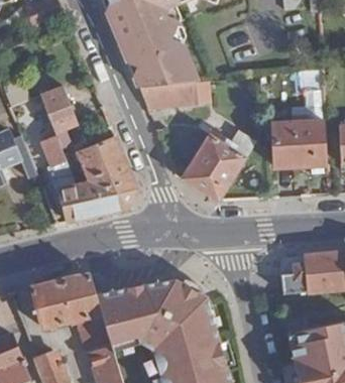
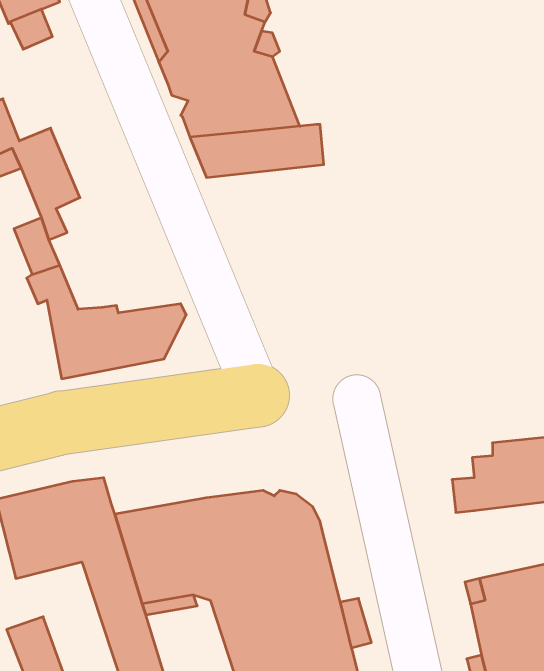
building: [271,120,326,168] -> none
building: [183,130,256,200] -> none
building: [76,133,132,184] -> none

